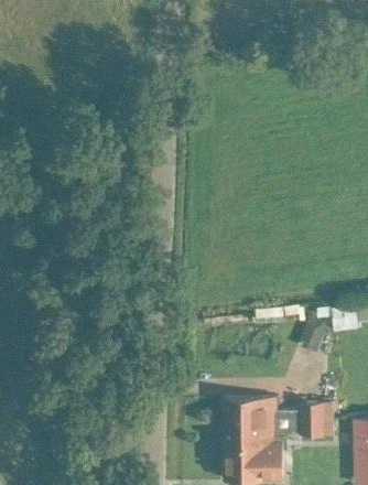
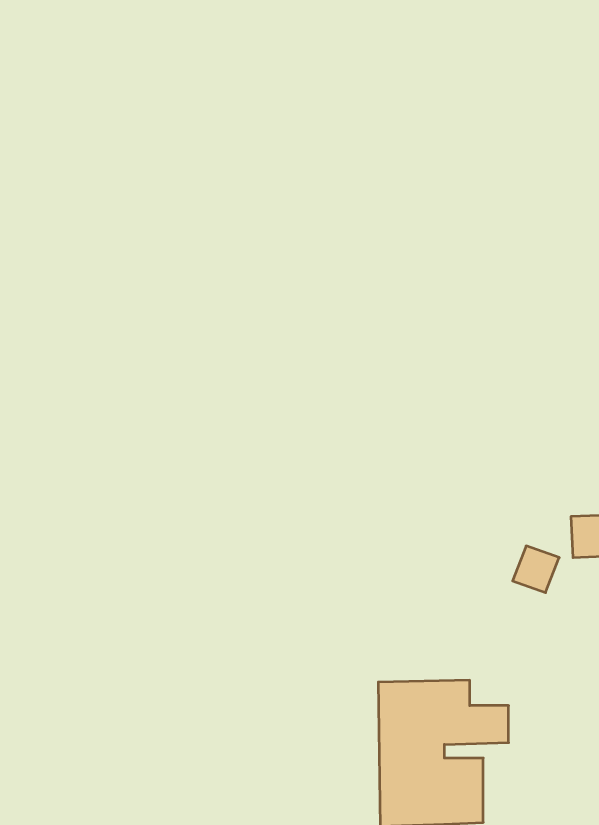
building: [294,401,329,434] -> none

